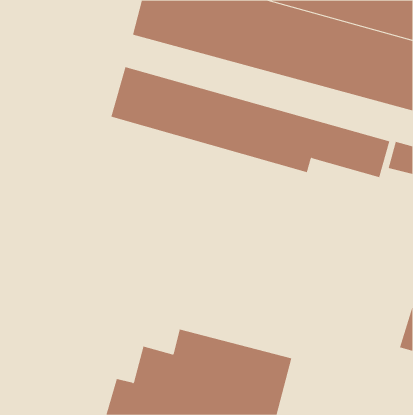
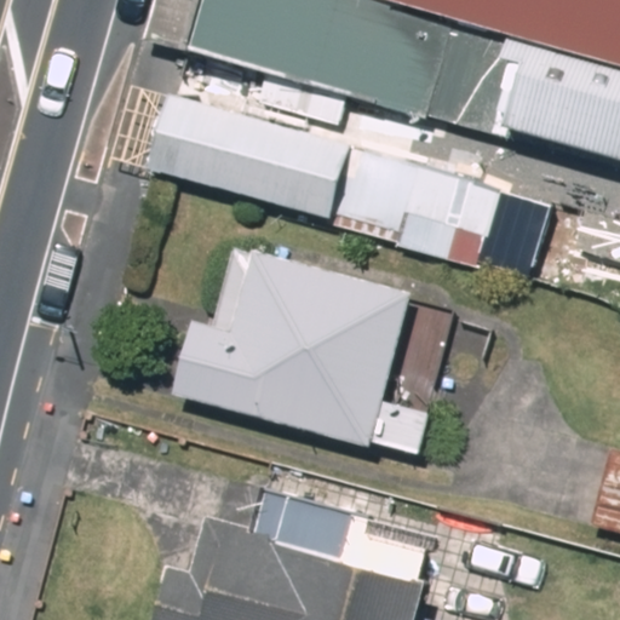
building: none -> [174,248,408,447]

